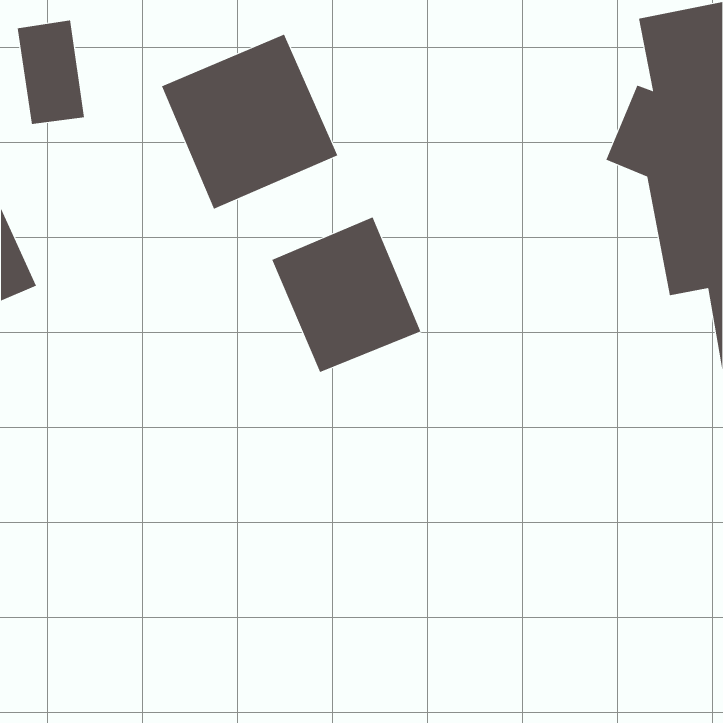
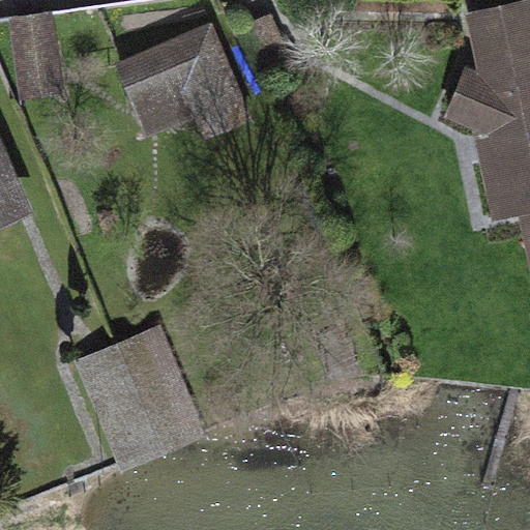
building: [272,216,421,373] -> none
building: none -> [78,325,204,460]

